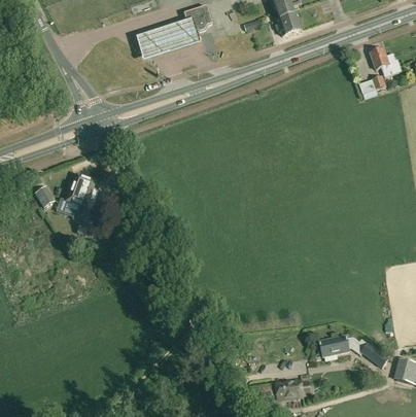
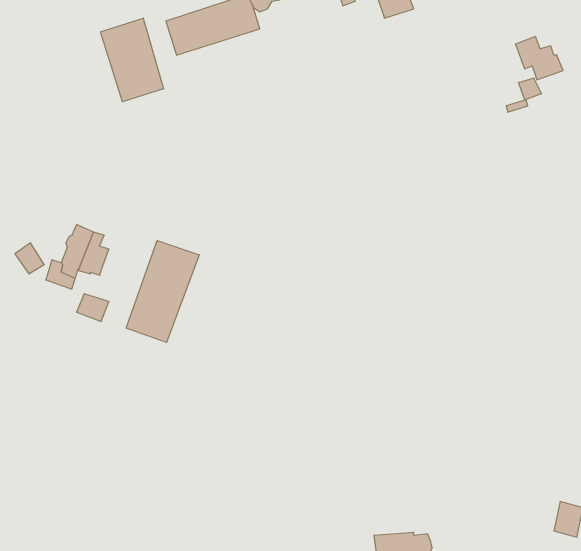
building: none -> [101,18,164,102]
building: none -> [126,240,199,342]
building: [319,336,388,368] -> none

